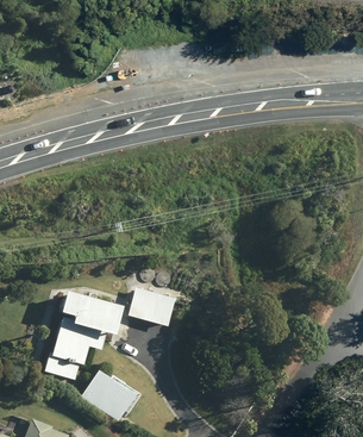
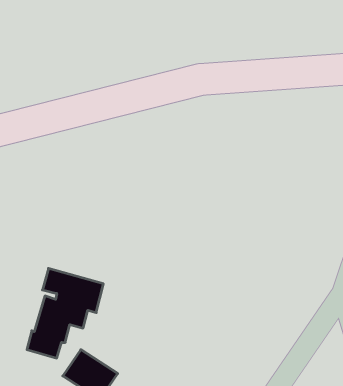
building: [129,288,174,325] -> none

